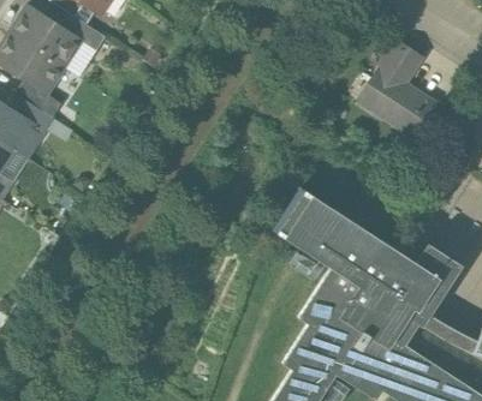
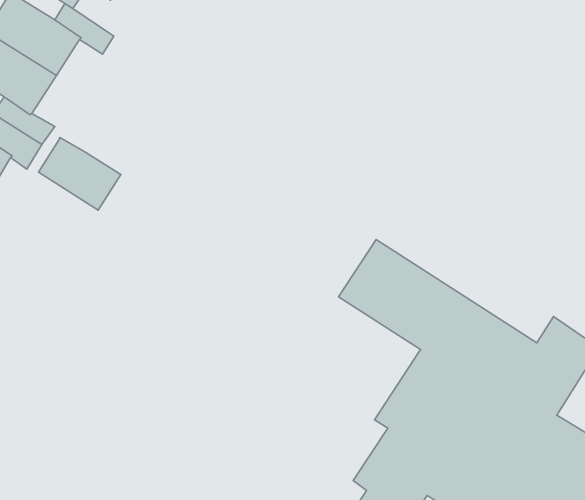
building: [356,37,438,137] -> none
building: none -> [39,138,121,210]

